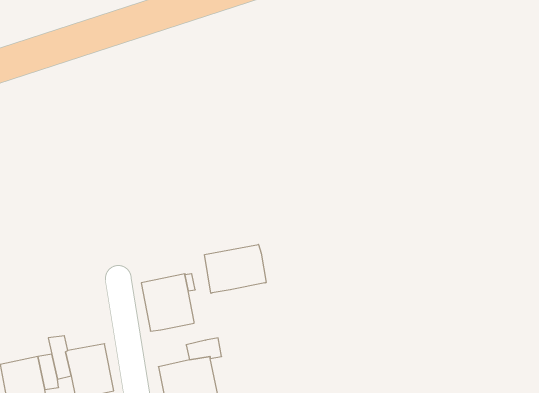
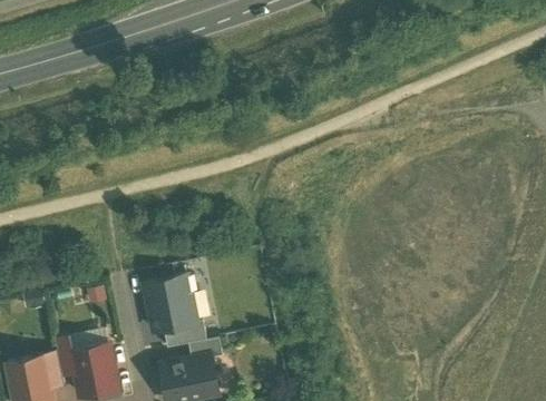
building: [205,244,266,293] -> none
building: none -> [164,322,207,349]

